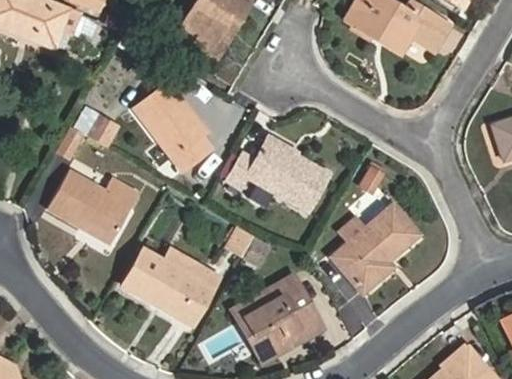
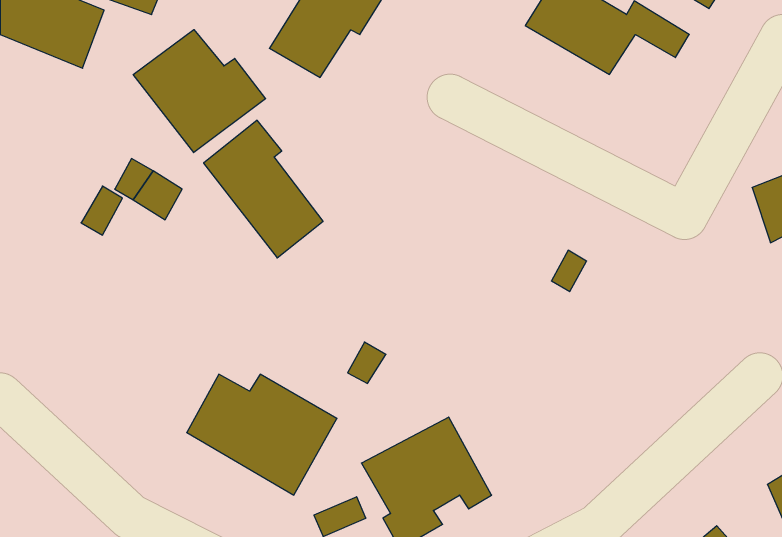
building: none -> [133,30,266,153]
building: [220,136,330,212] -> none
building: [46,170,139,244] -> none
building: [332,205,418,292] -> none

